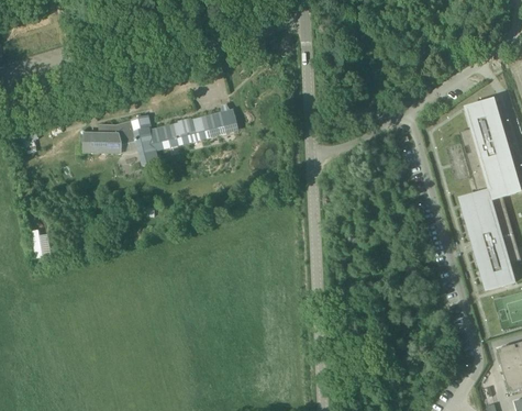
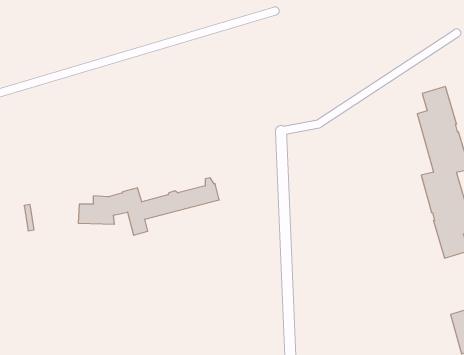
building: [82,103,236,166] -> [78,178,219,235]

